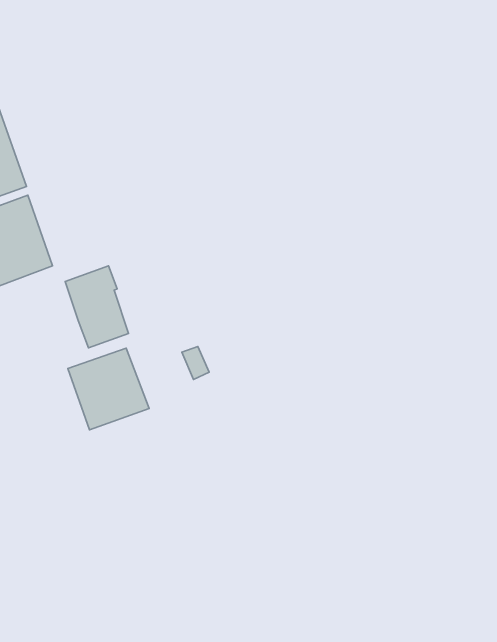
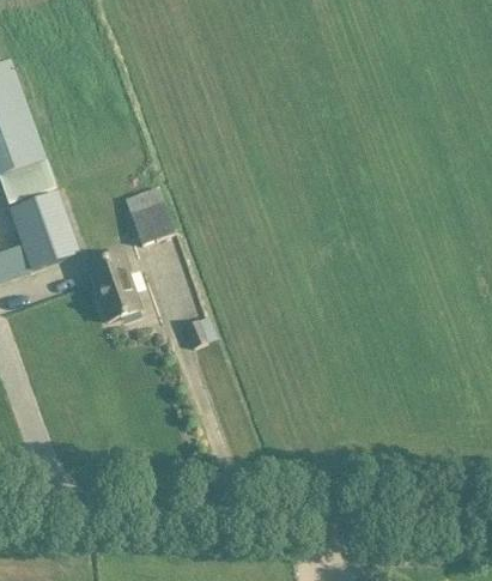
building: none -> [127,183,175,243]
building: [68,348,149,430] -> none

